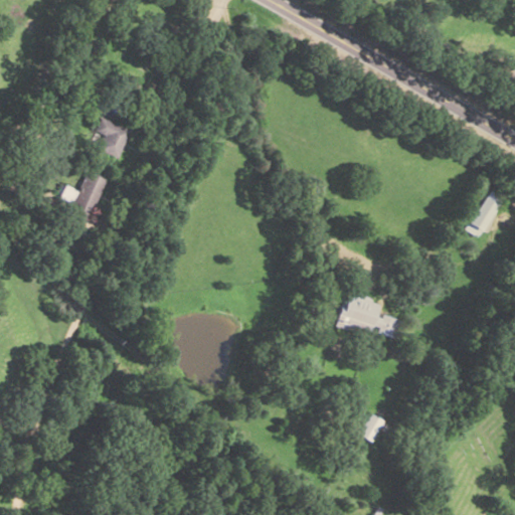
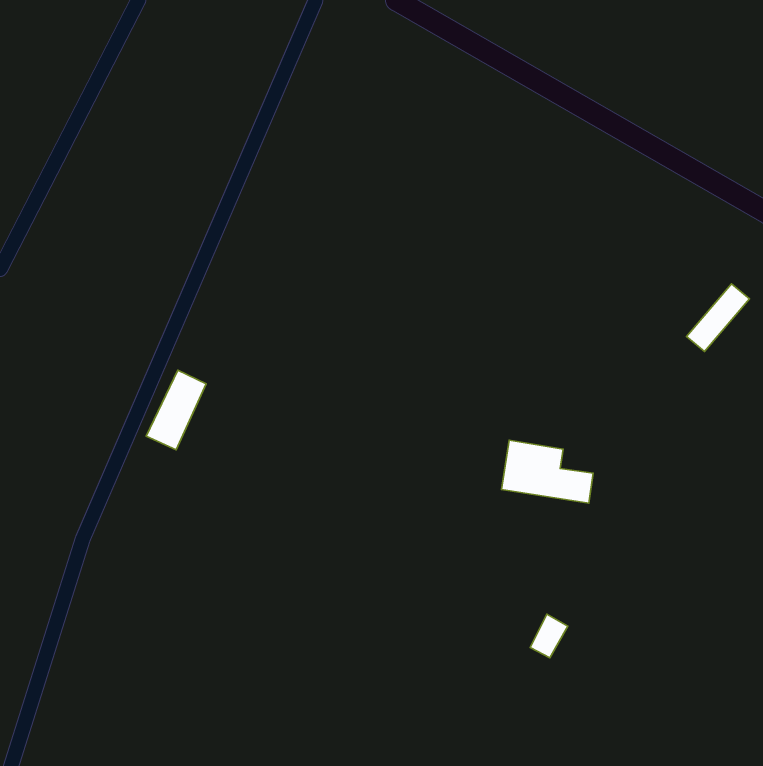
building: [96,117,130,158] -> none
building: [67,170,108,223] -> [146,370,206,450]

